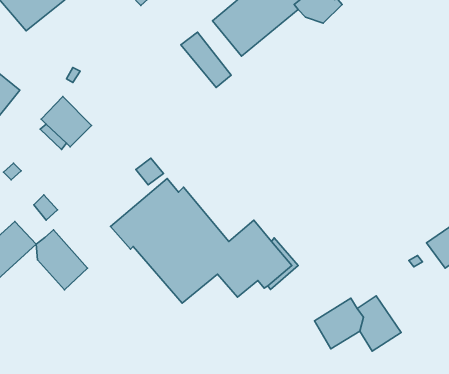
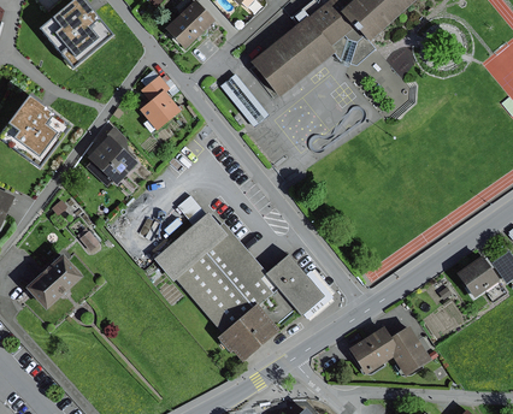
building: none -> [140,75,179,129]
building: [36,230,88,290] -> none
building: none -> [216,304,278,361]

